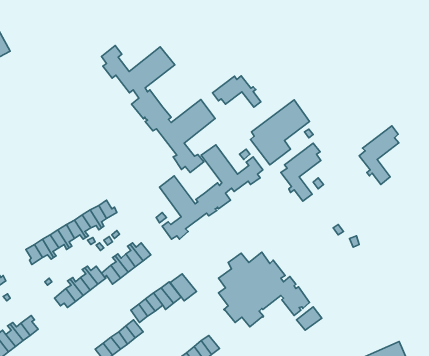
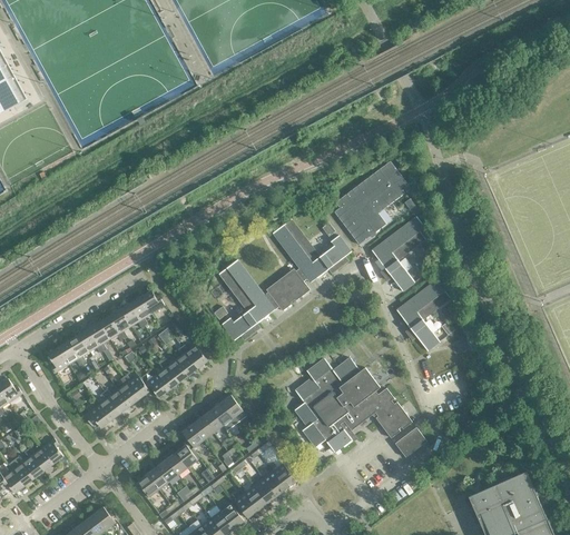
building: [101,46,215,173] -> none
building: [213,76,261,107] -> none
building: [359,126,399,185] -> [399,276,450,351]
building: [170,274,196,301] -> none

